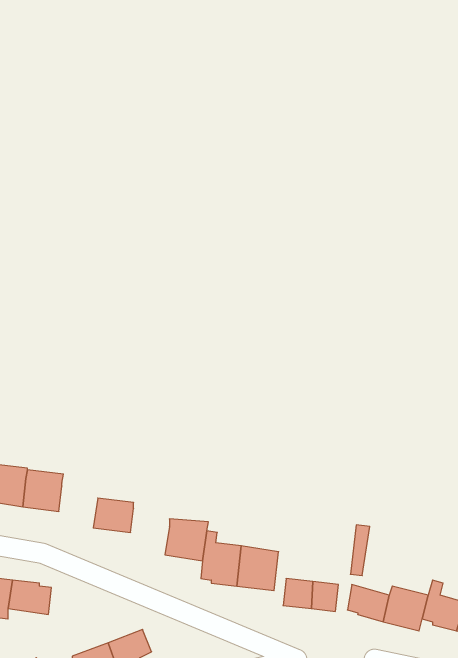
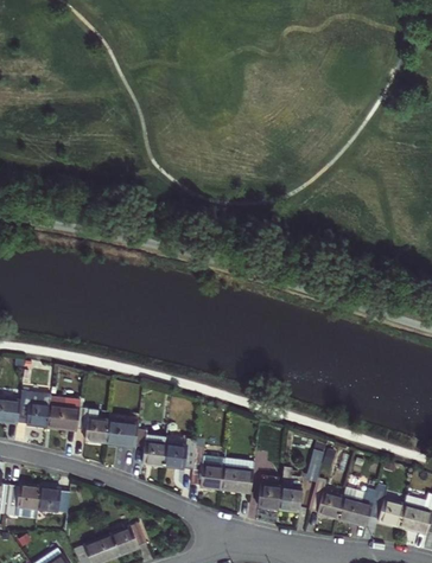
building: none -> [77,409,108,443]
building: none -> [134,428,165,465]

